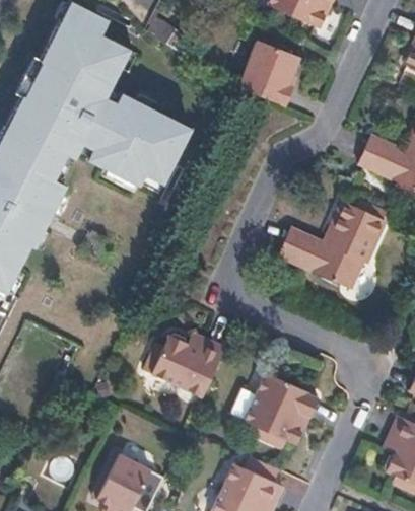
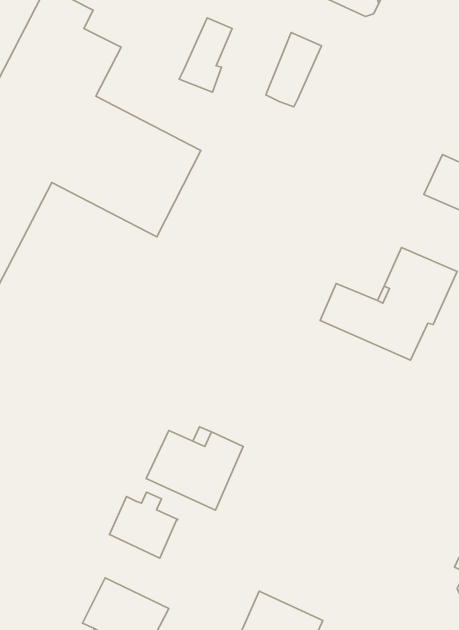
building: [260,48,300,104] -> [179,18,232,92]
building: [244,372,314,439] -> none
building: none -> [110,492,178,558]

